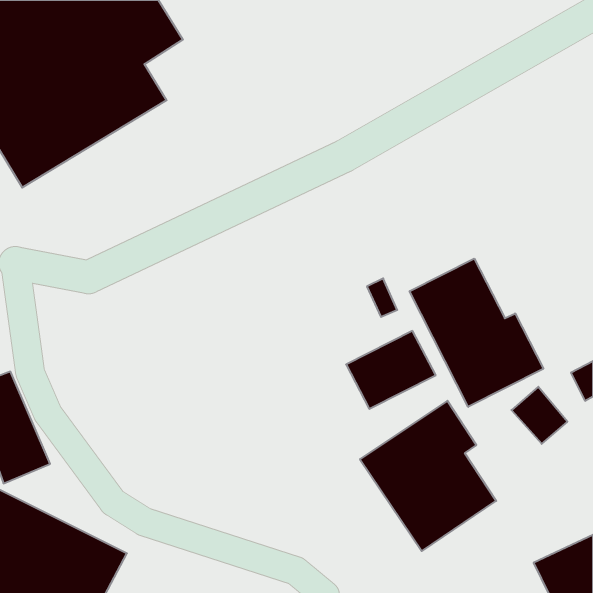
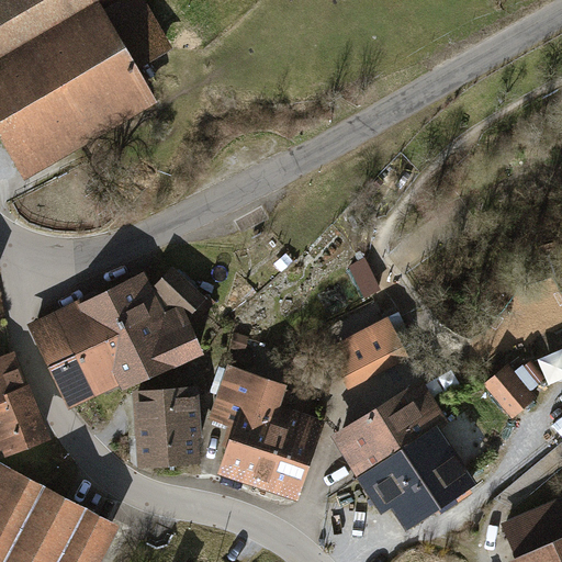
building: [410,259,543,407] -> none
building: none -> [30,265,214,409]
building: none -> [209,372,317,493]
building: none -> [127,387,205,468]

